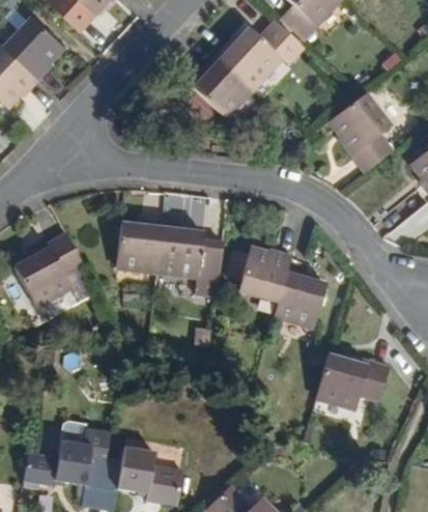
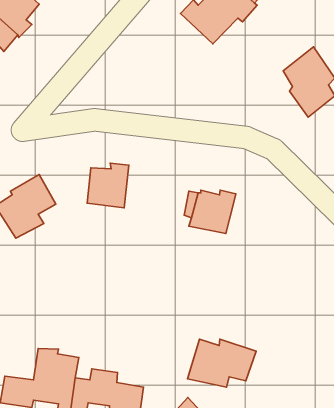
building: [199,53,258,118] -> none
building: [159,223,226,297] -> none
building: [268,267,321,325] -> none
building: [308,353,384,407] -> [188,339,256,387]

